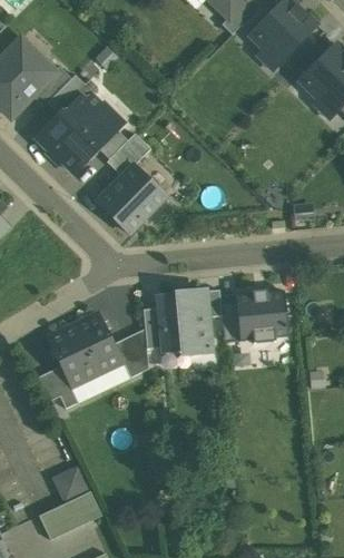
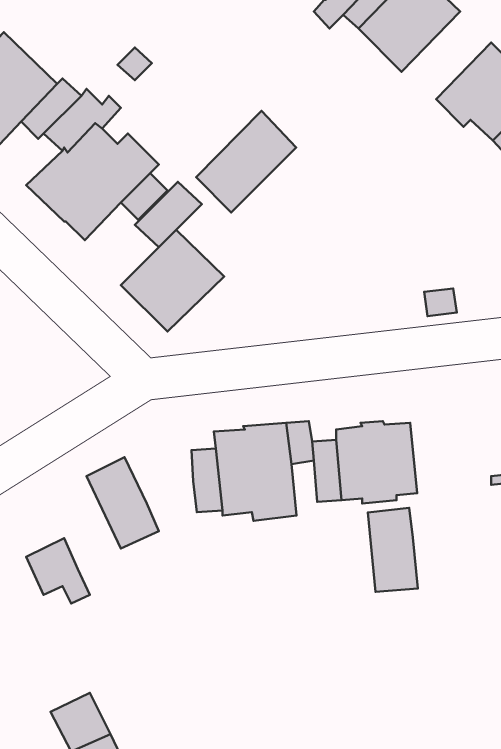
building: none -> [196,111,296,212]
building: [47,325,97,385] -> none
building: [114,329,148,378] -> none
building: none -> [368,508,418,592]

